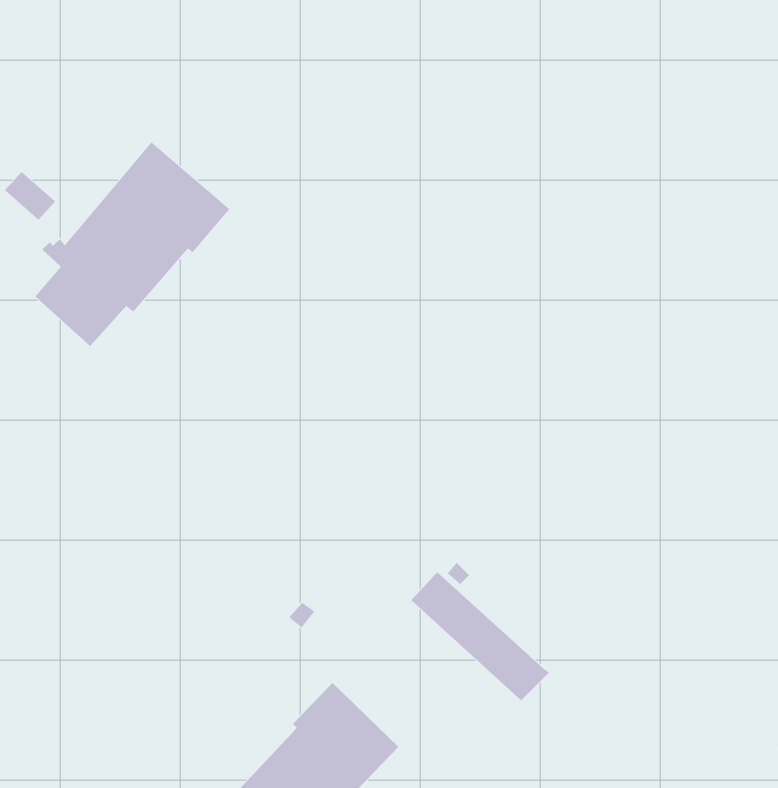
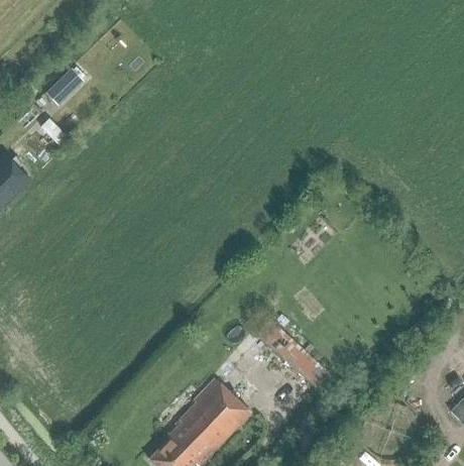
building: none -> [47,70,84,107]
building: [34,141,230,347] -> none

